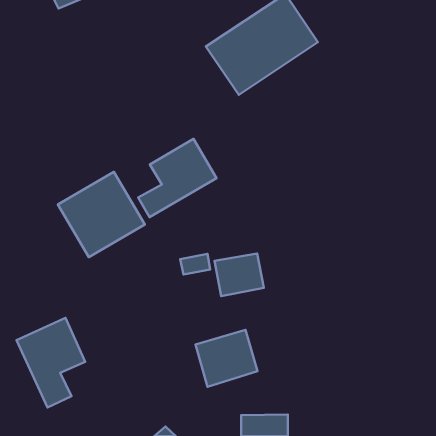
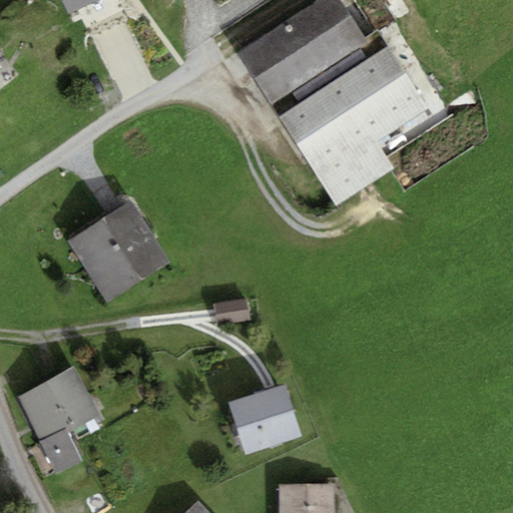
building: none -> [280,50,426,205]
building: [138,139,216,217] -> none
building: [214,253,264,296] -> none

